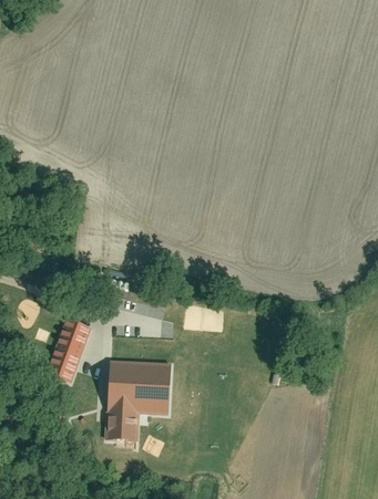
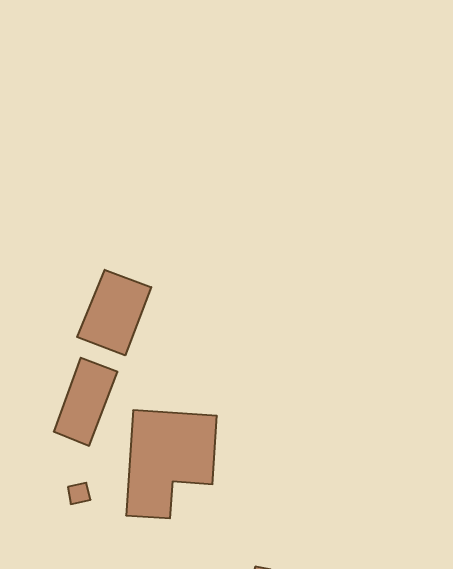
building: none -> [77,270,151,355]

